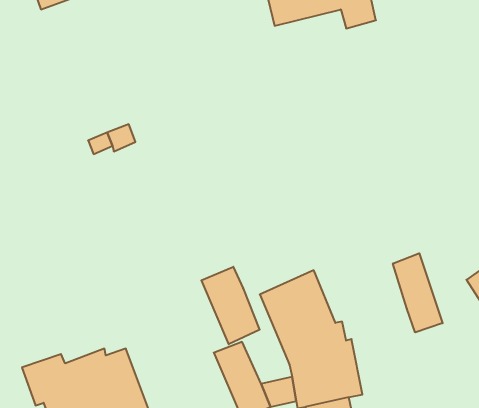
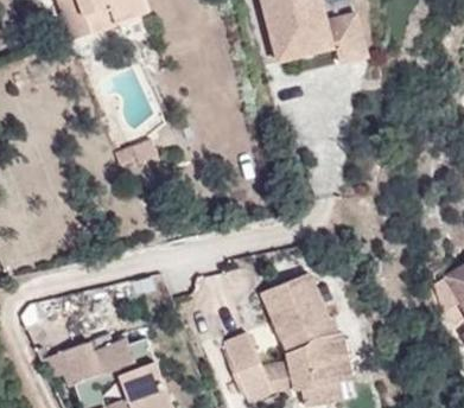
building: [393,253,443,332] -> none
building: [201,267,260,344] -> none

